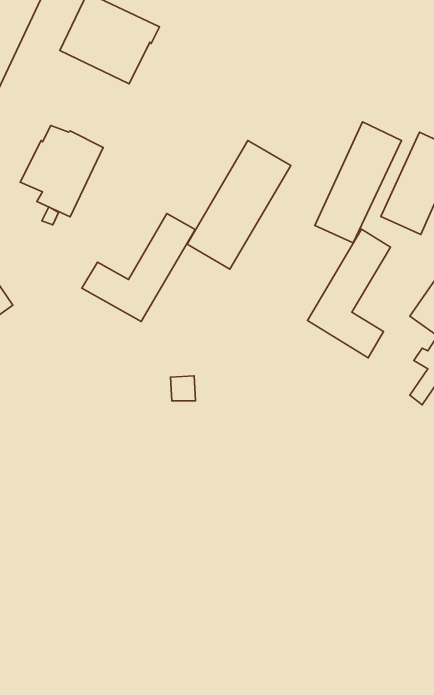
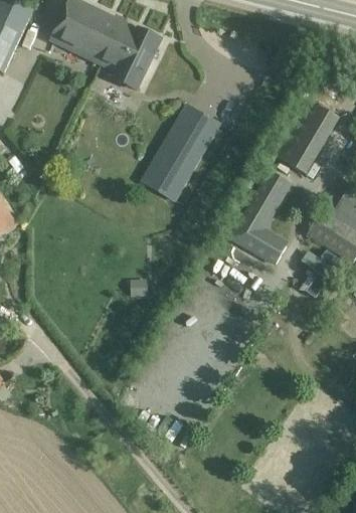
building: [315,122,402,243] -> none
building: [20,125,103,217] -> [101,23,161,90]
building: [82,214,195,322] -> none

